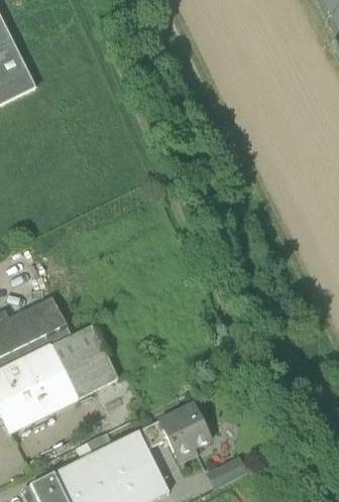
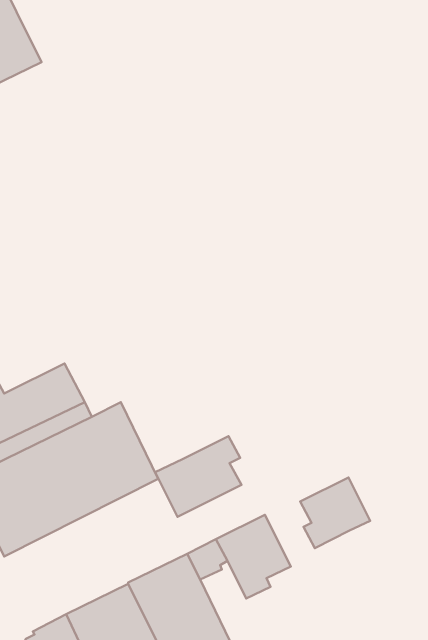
building: none -> [155,436,241,517]
building: none -> [300,477,370,548]

